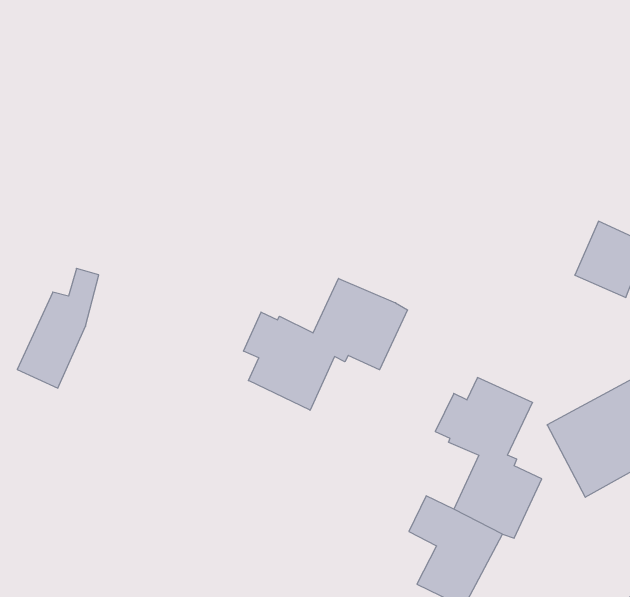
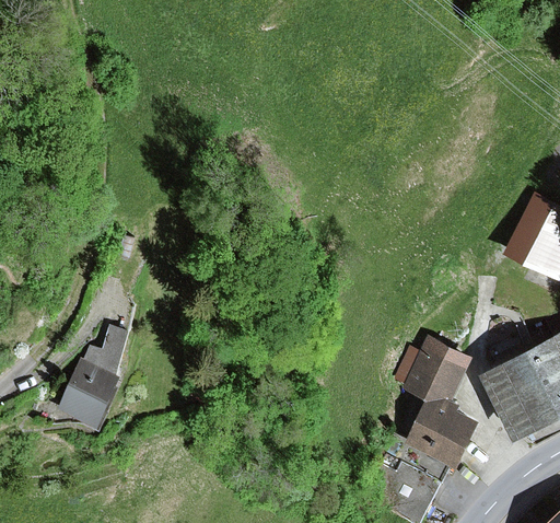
building: [17,268,99,388] -> [59,328,127,428]
building: [244,278,408,410] -> none

